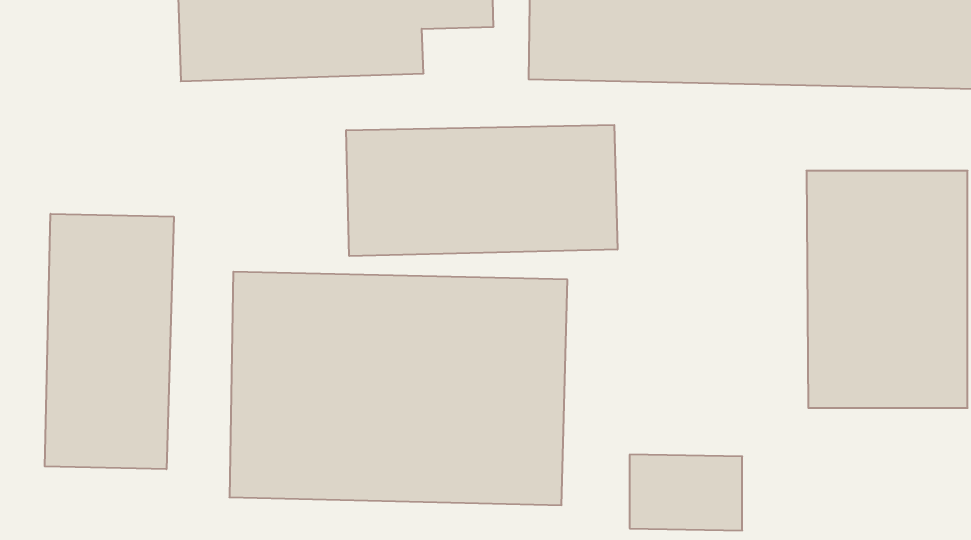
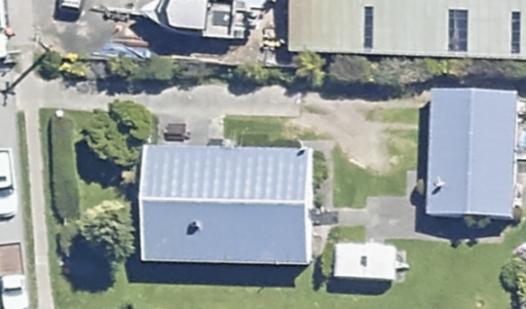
building: [346,125,617,256] -> none
building: [45,214,174,469] -> none

